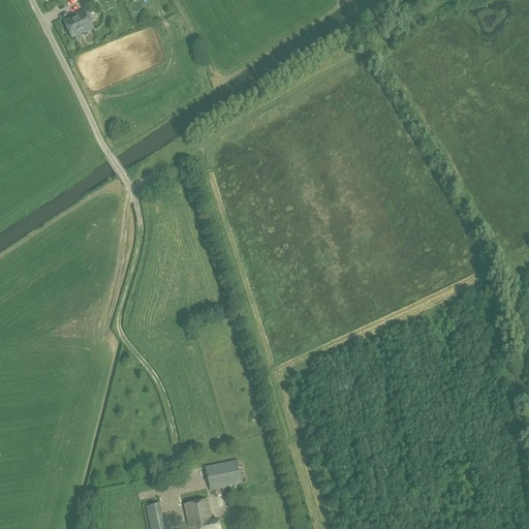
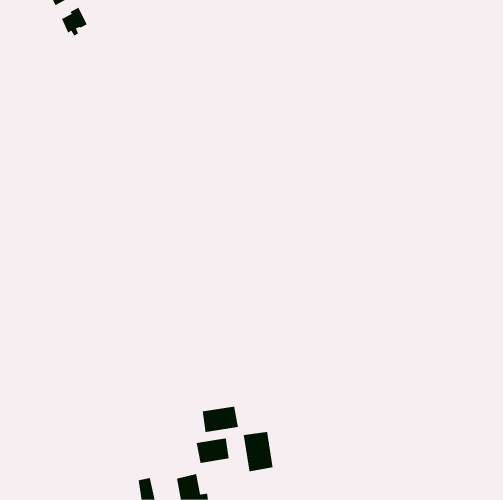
building: none -> [202,406,238,433]
building: none -> [243,431,273,472]

